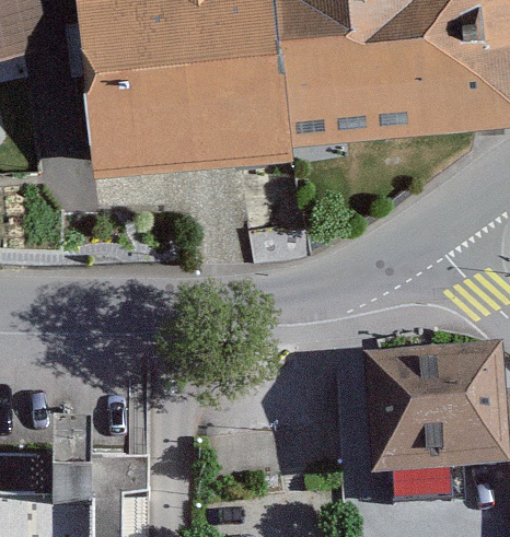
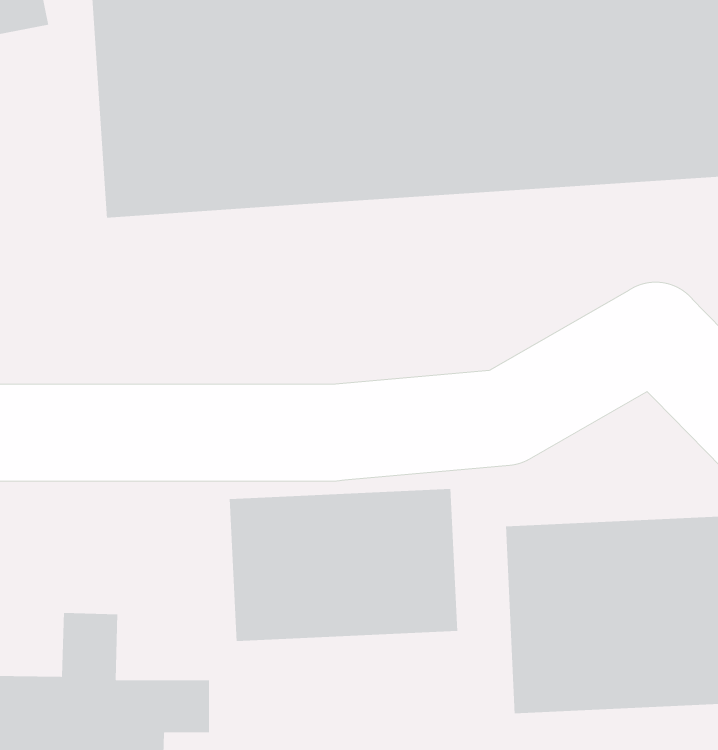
building: none -> [229,488,458,642]

